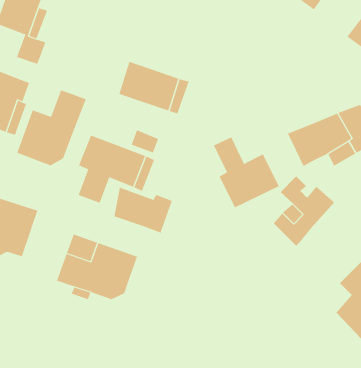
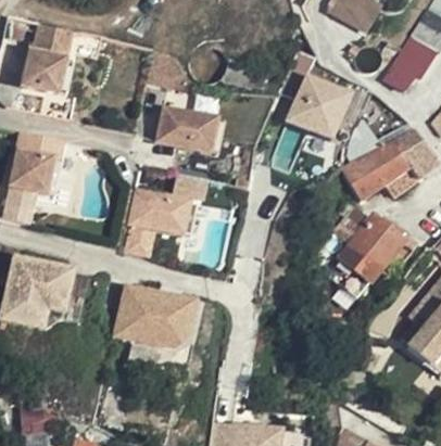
building: none -> [282,69,351,139]
building: [16,89,87,166] -> none
building: [213,137,279,208] -> none
building: [114,187,172,233] -> none

